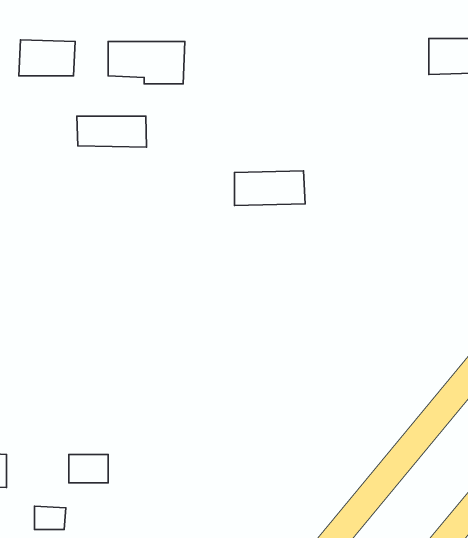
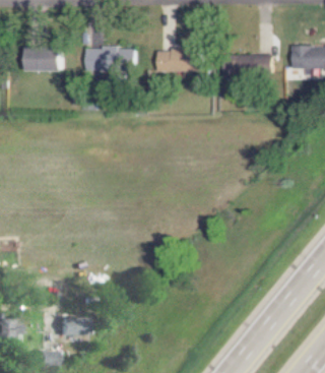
building: none -> [230,54,273,77]
building: [77,116,147,147] -> none
building: [235,171,305,205] -> [157,49,203,71]

